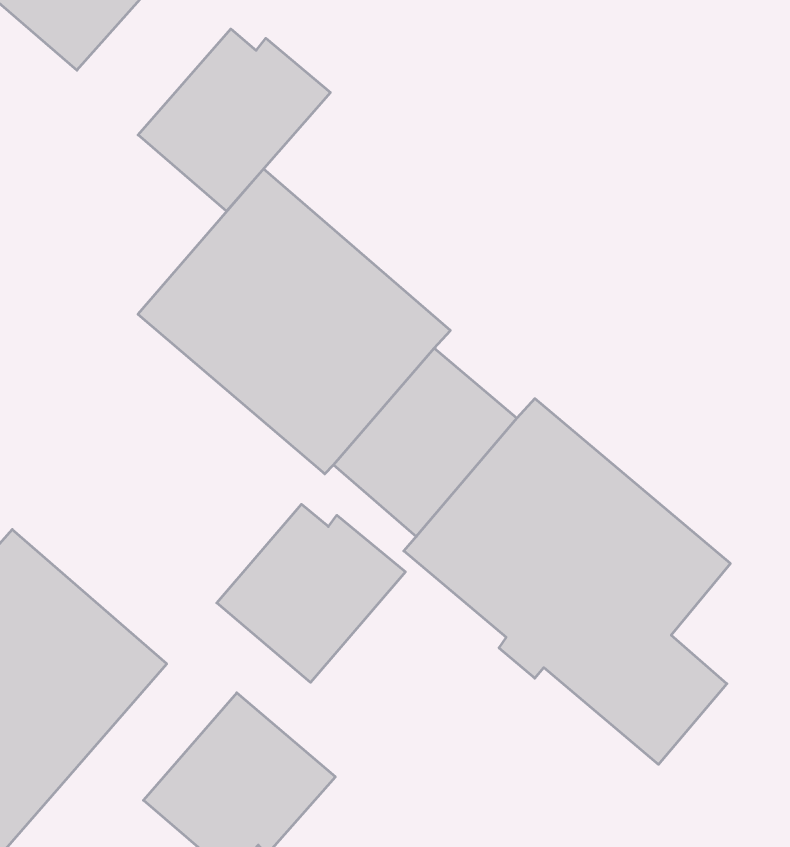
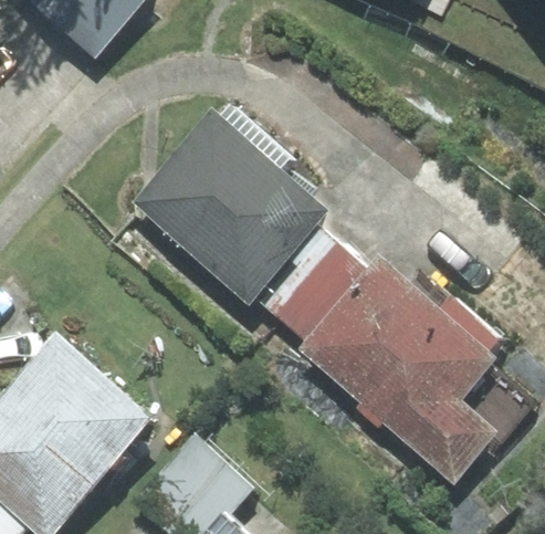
building: [138,29,330,211] -> none
building: [217,504,405,682] -> none

